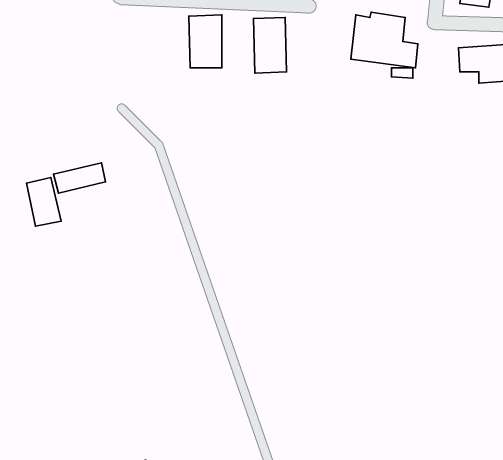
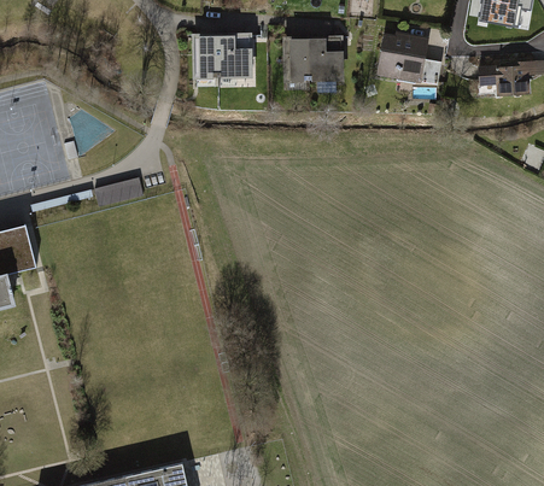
building: none -> [192,35,223,86]
building: none -> [314,36,345,88]
building: [26,177,61,226] -> none

